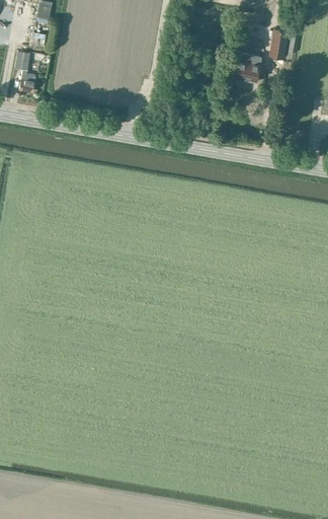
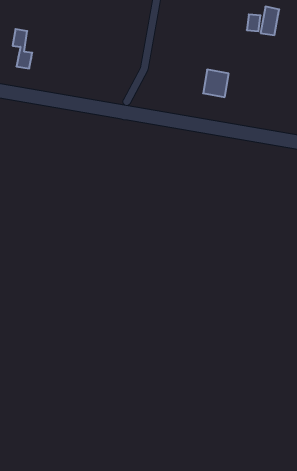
building: [236,53,262,81] -> [203,70,229,97]

